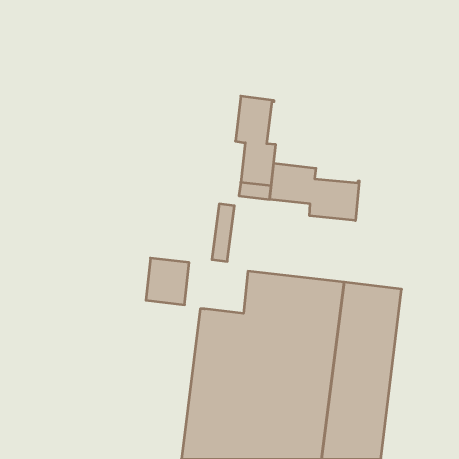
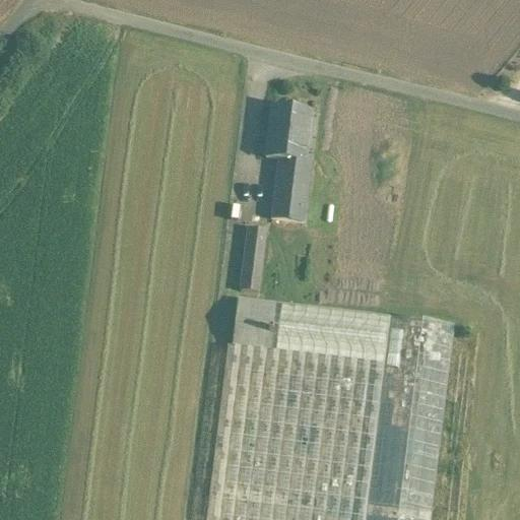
building: [270,163,359,221] -> none
building: [146,258,189,305] -> [232,302,280,354]

